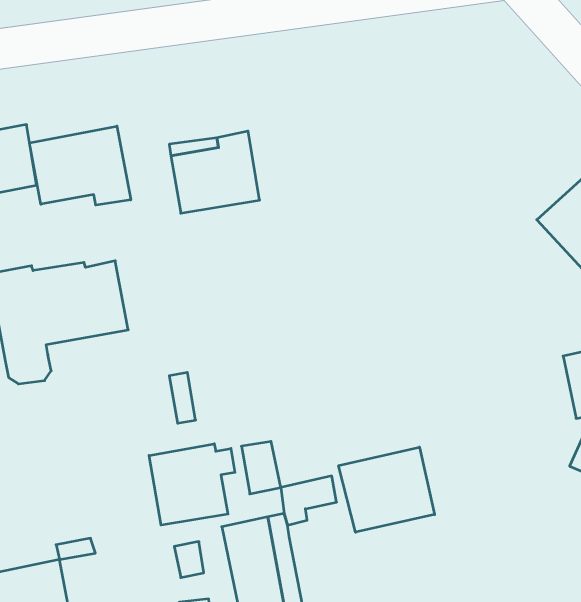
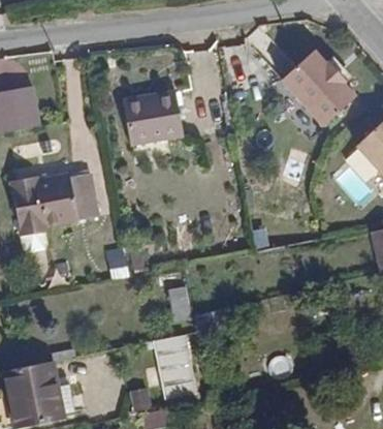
building: none -> [280,51,353,125]
building: [30,126,131,205] -> none
building: [149,444,235,525] -> none
building: [339,447,435,532] -> none

